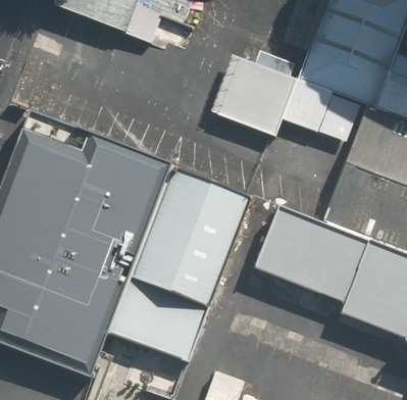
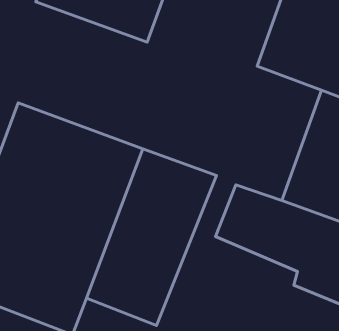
building: [209,58,360,139] -> none

